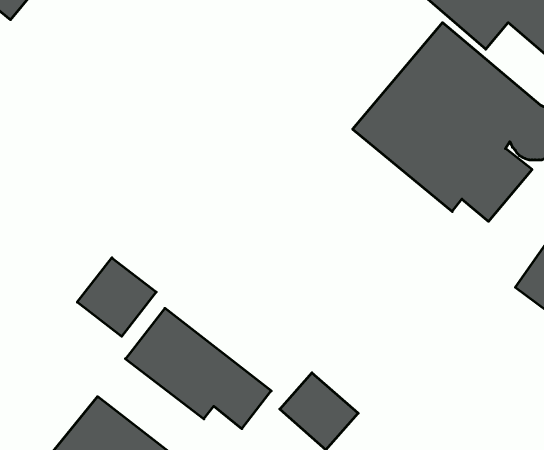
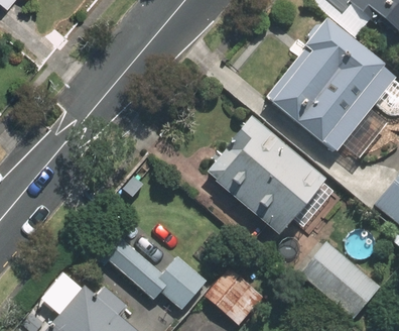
building: none -> [202,116,326,238]
building: [77,258,156,336] -> none
building: none -> [296,239,381,320]

